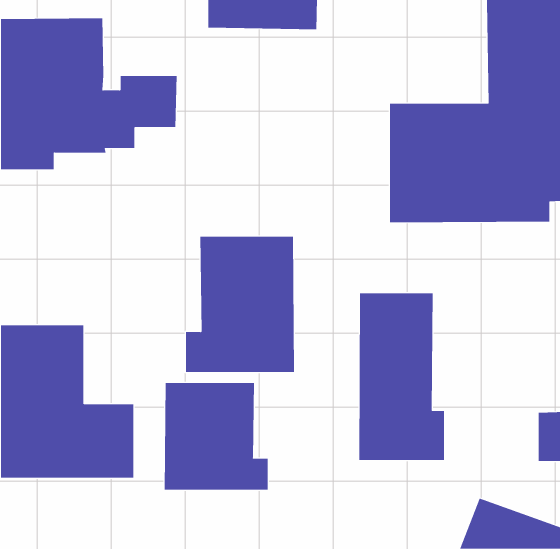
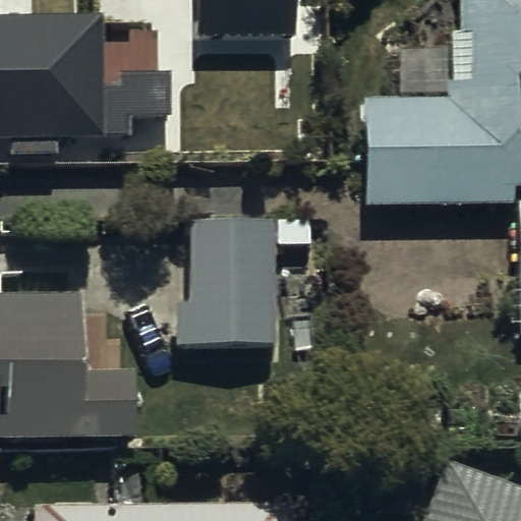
building: [359,293,444,461] -> none
building: [164,382,268,490] -> none

